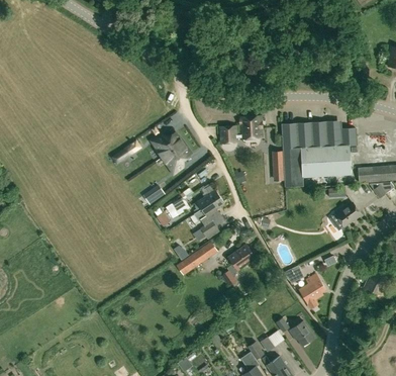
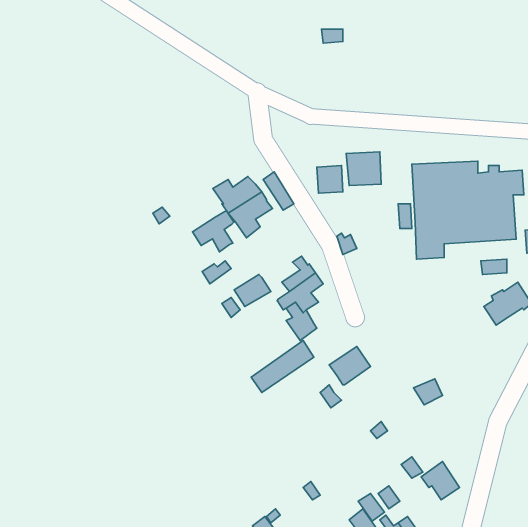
building: none -> [193,211,234,252]
building: [300,274,325,308] -> none

